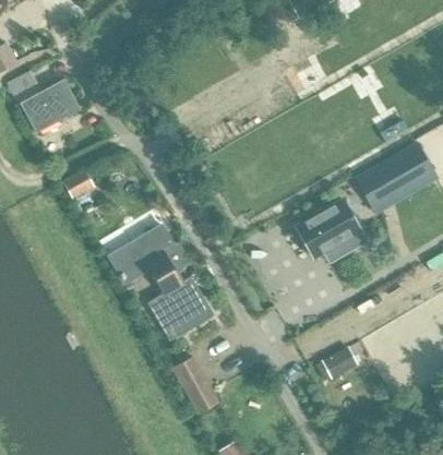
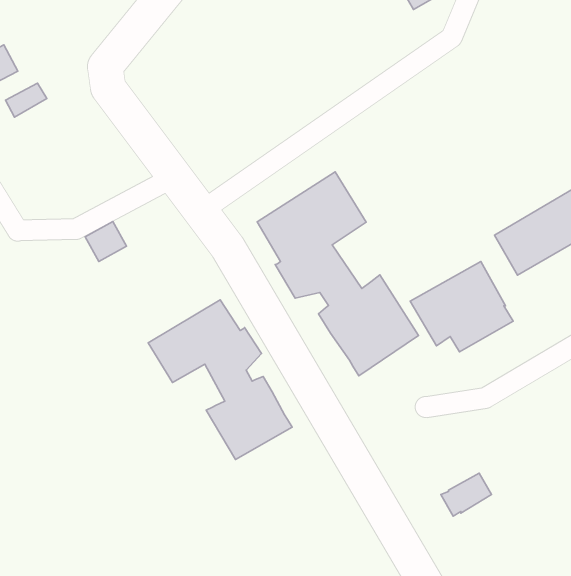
building: [20,79,80,132] -> none
building: none -> [257,172,418,376]
building: [171,357,218,412] -> none

